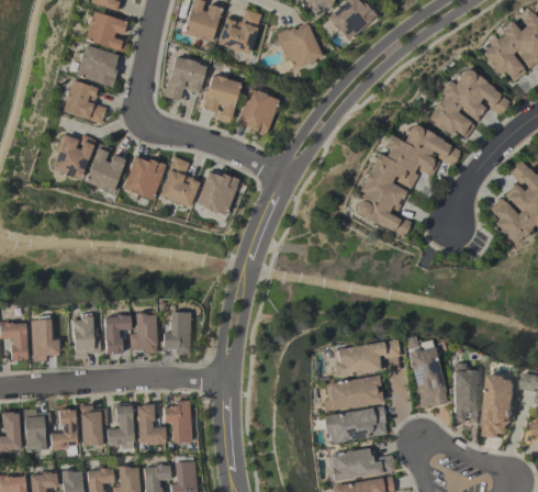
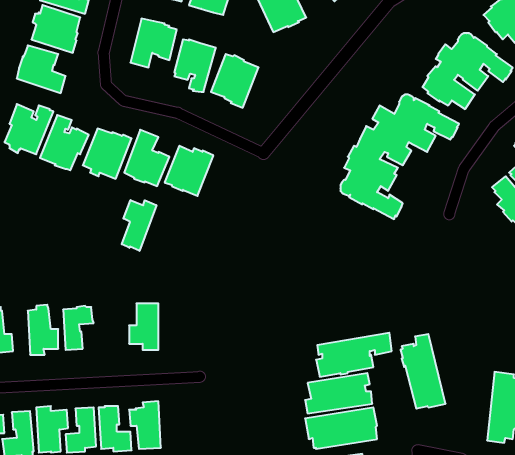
building: none -> [122,200,156,251]
building: [130,312,157,354] -> none
building: [453,362,481,422] -> none

